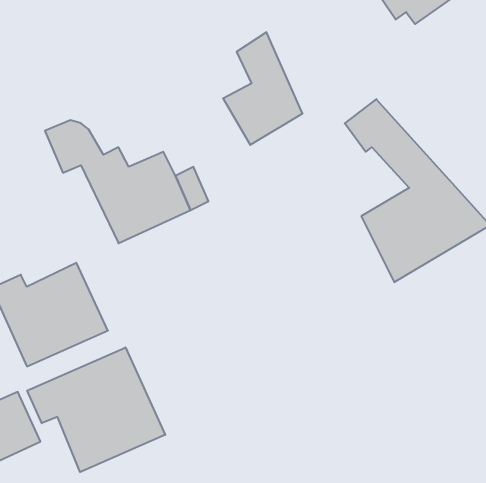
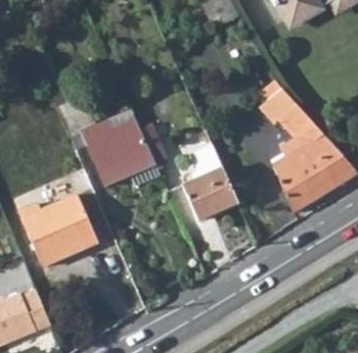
building: [223,32,303,145] -> [181,142,235,218]
building: [27,347,165,472] -> none

